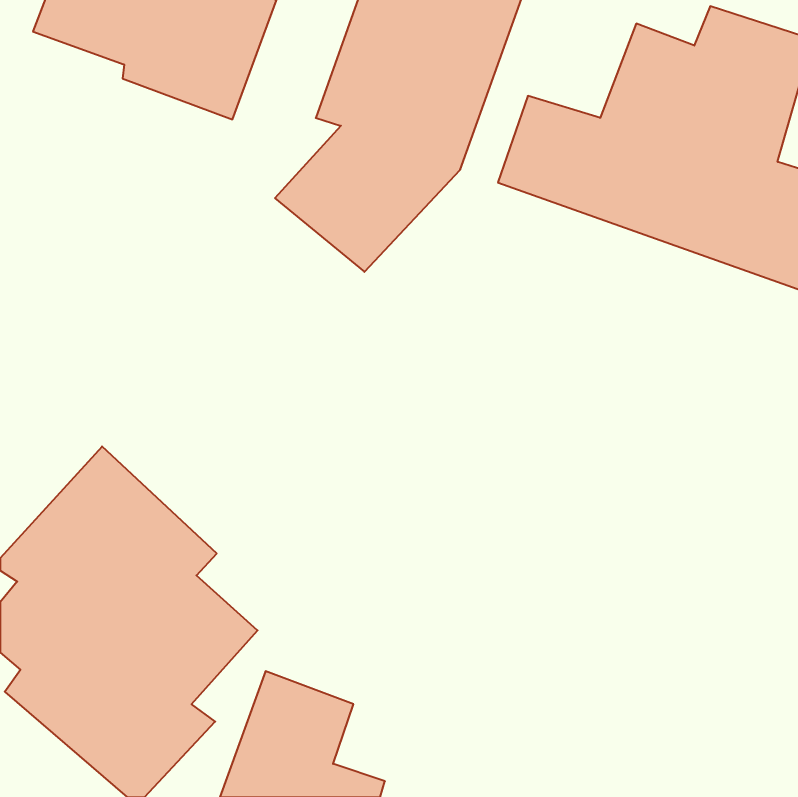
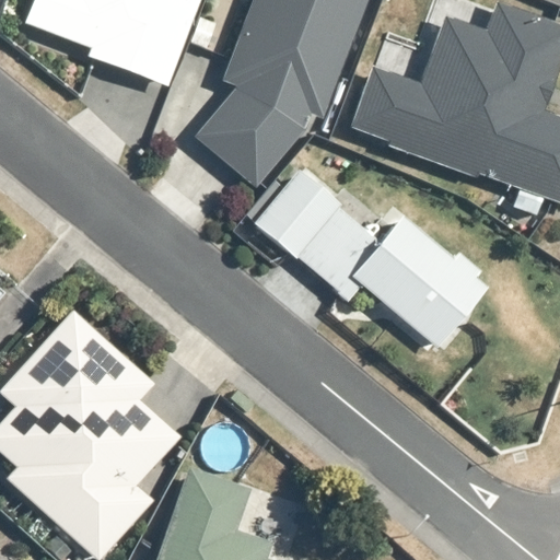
building: none -> [254,171,486,351]

